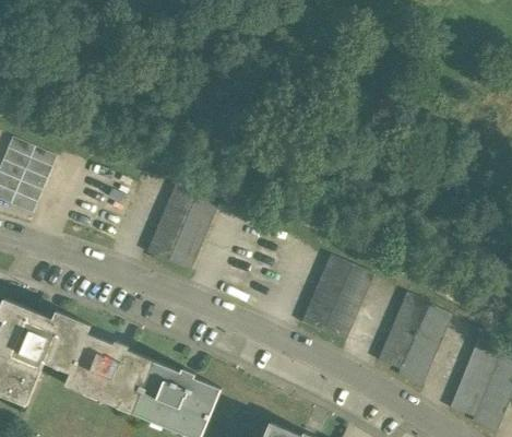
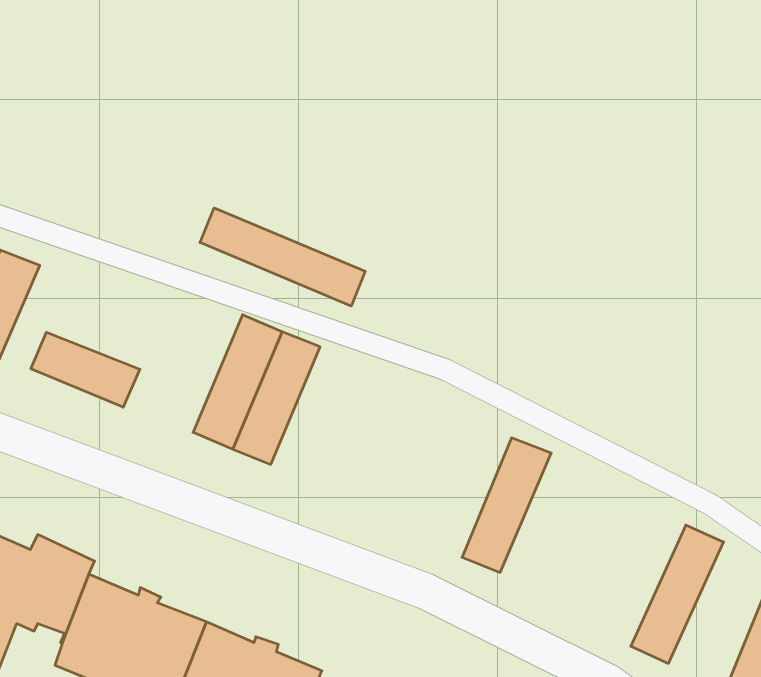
building: none -> [200,208,365,306]
building: none -> [31,332,140,407]
building: [322,264,373,343] -> none
building: [374,291,428,369] -> none

